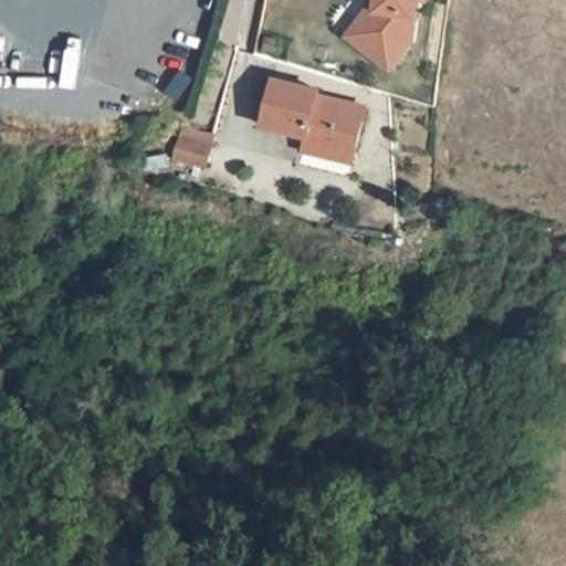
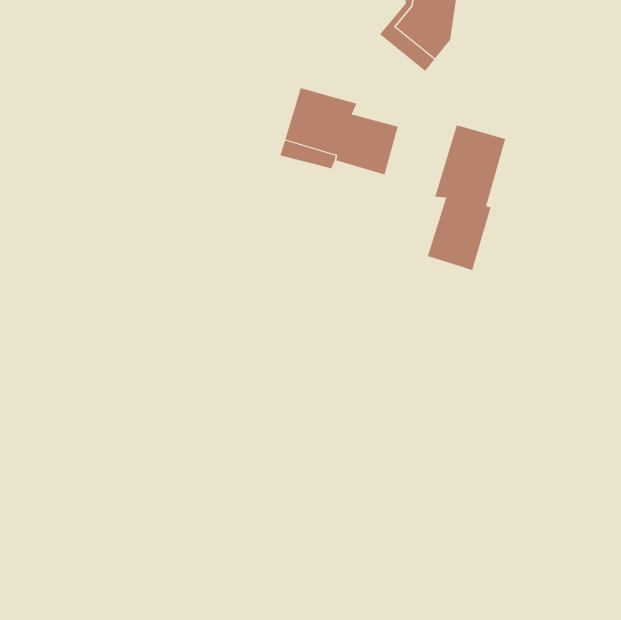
building: none -> [427,125,506,271]
building: [171,124,213,167] -> none

